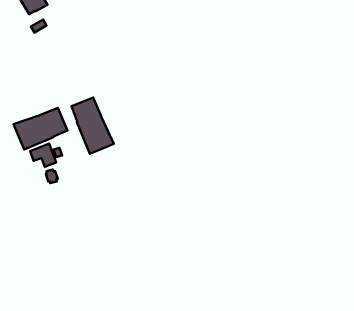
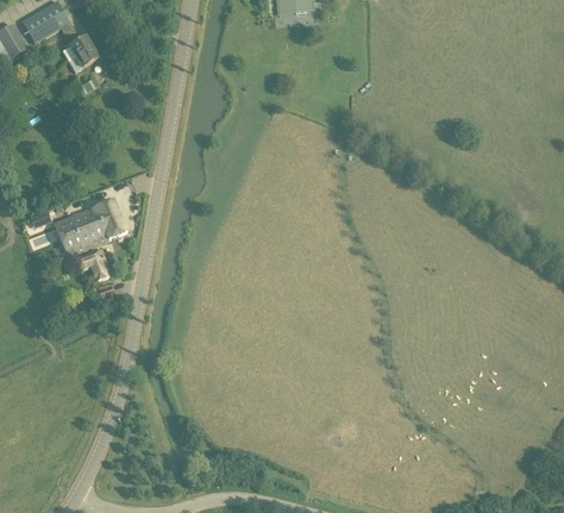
building: [71,98,114,154] -> none

